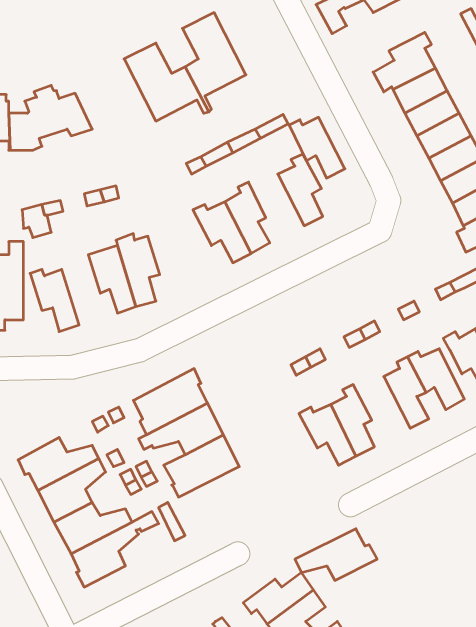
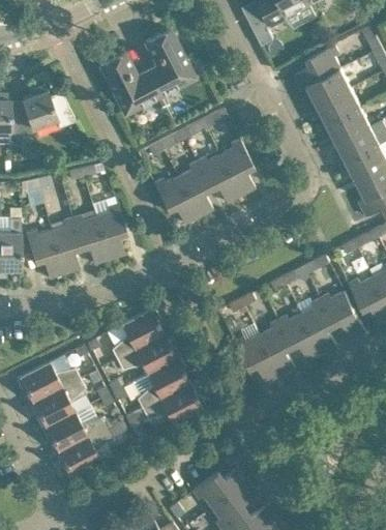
building: [289,117,345,178] -> [196,155,239,203]
building: none -> [50,218,80,273]
building: none -> [277,314,322,361]
building: [295,529,377,580] -> [141,384,205,424]

